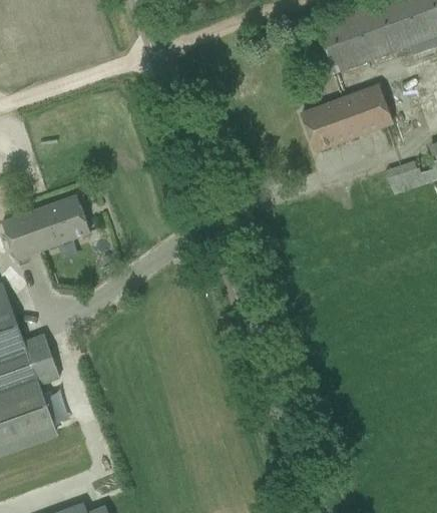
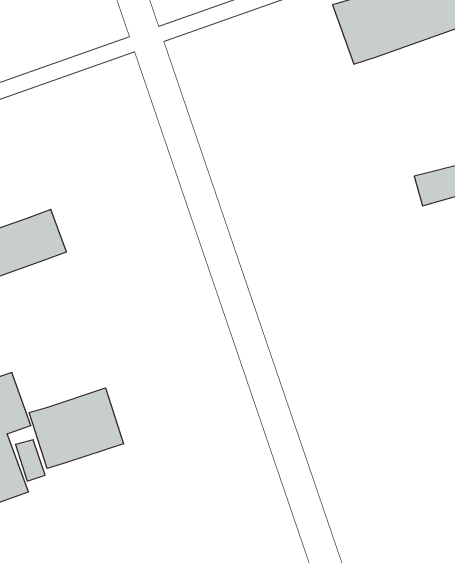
building: [302,86,391,150] -> none
building: none -> [29,388,124,468]

